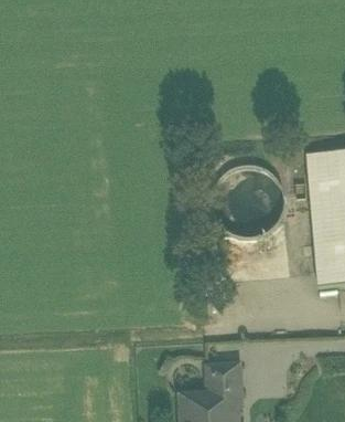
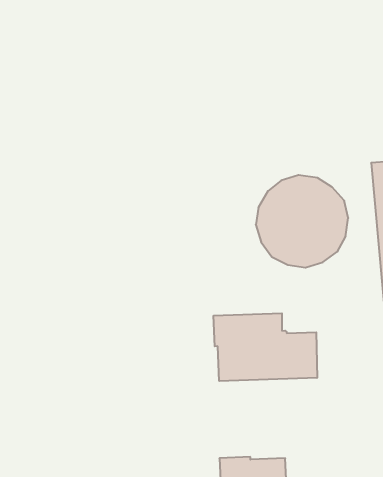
building: none -> [214,313,317,381]
building: [206,362,241,395] -> none

